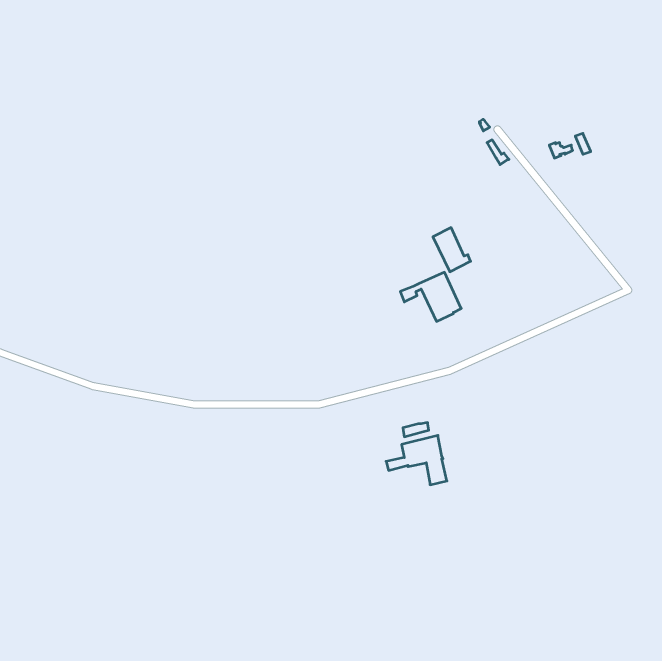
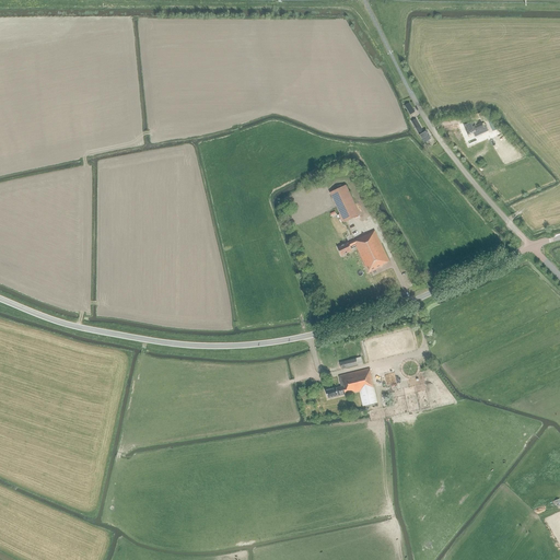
building: [433,228,471,272] -> [330,184,362,221]

